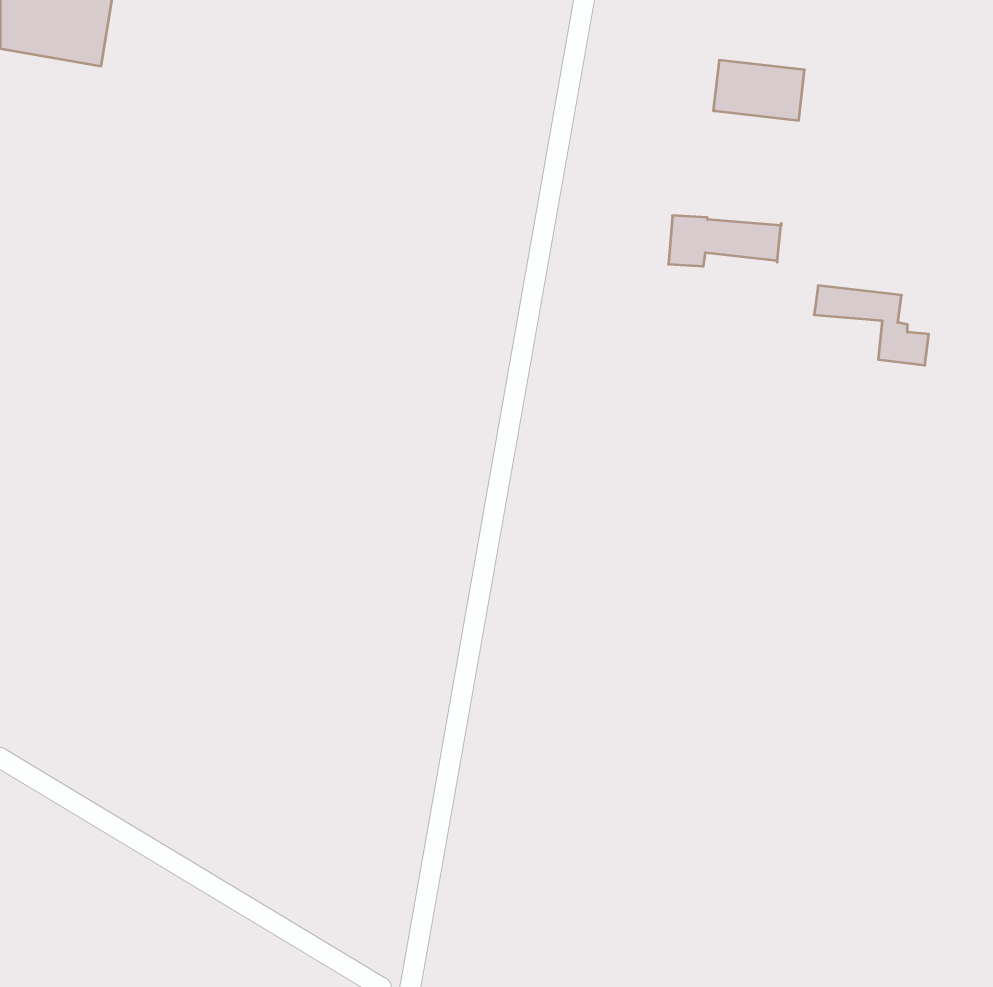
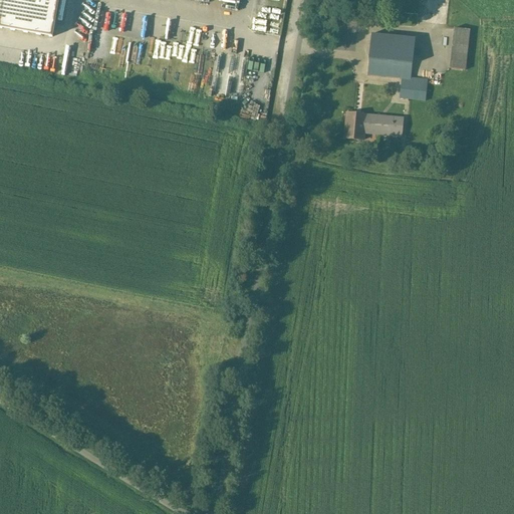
building: none -> [450,26,470,67]
building: [814,286,929,365] -> [367,57,427,98]

